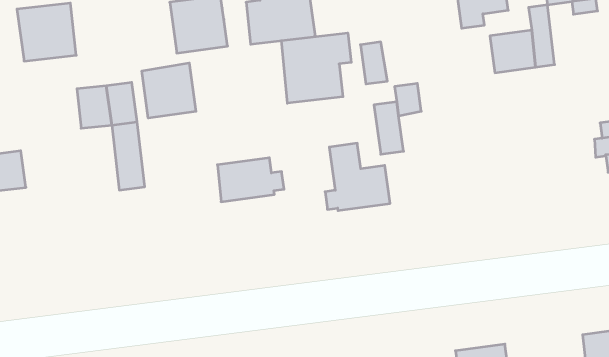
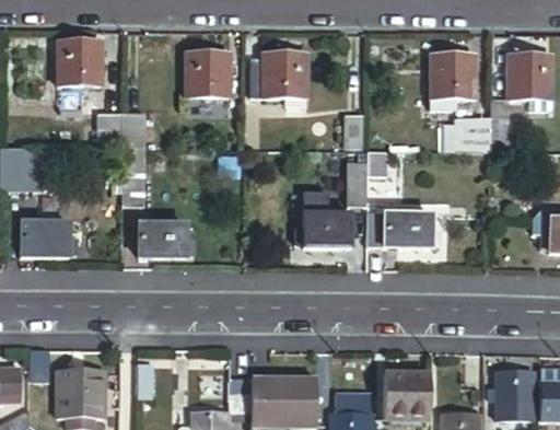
building: [281,33,351,103] -> none
building: [142,63,196,118] -> none
building: none -> [368,211,439,244]
building: [217,158,284,202] -> [140,220,195,252]
building: none -> [24,219,79,252]

